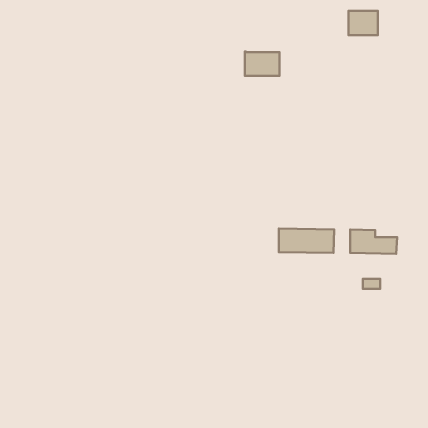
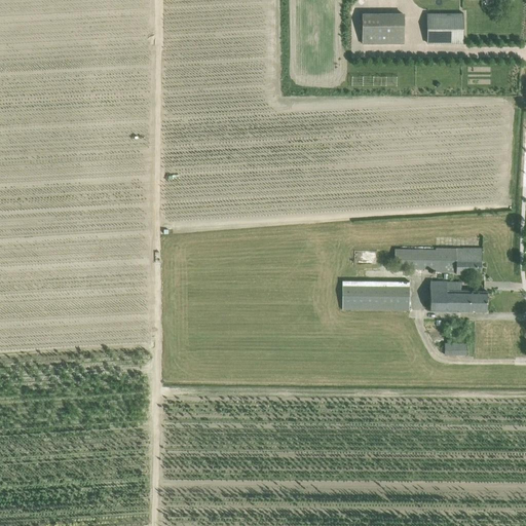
building: [245,51,279,76] -> [362,13,404,43]
building: none -> [394,249,482,274]

